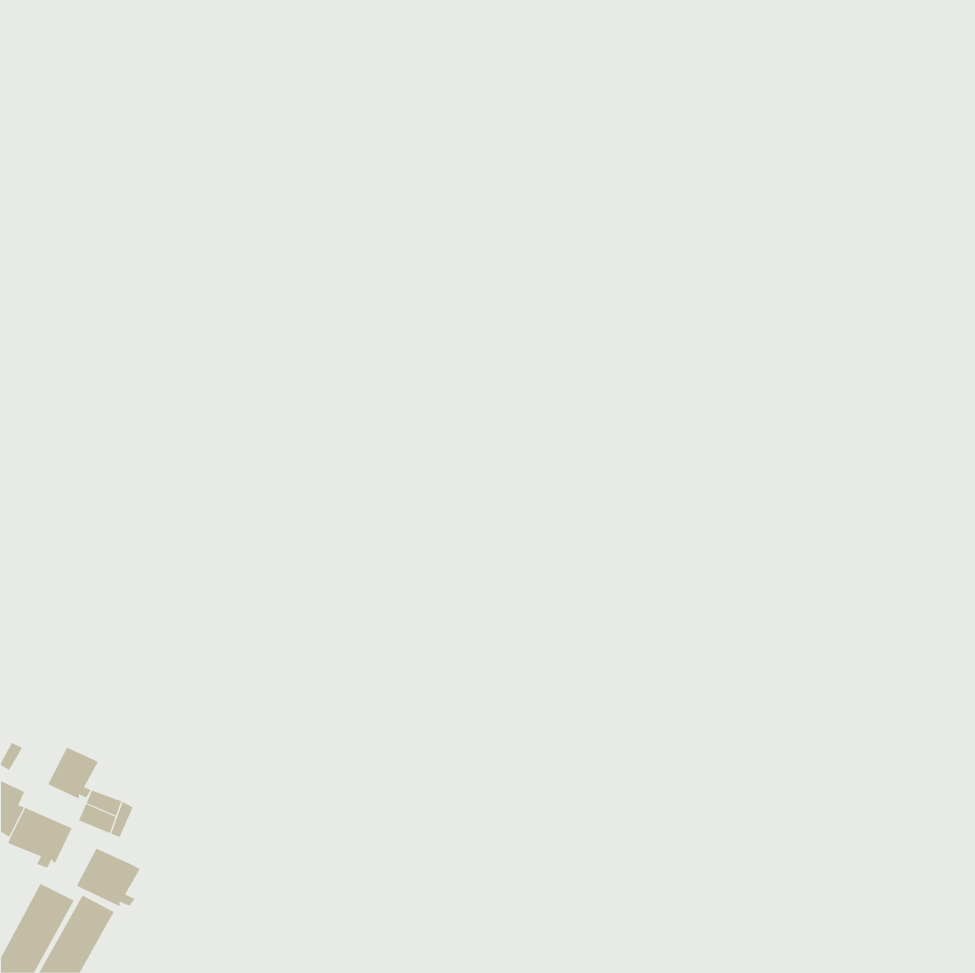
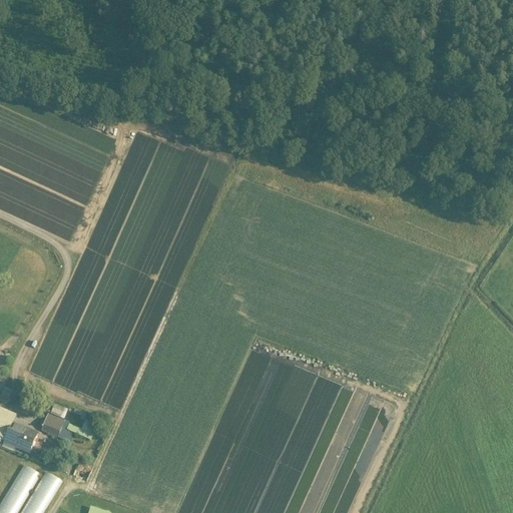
building: [47,747,98,799] -> none
building: [76,848,140,907] -> none

